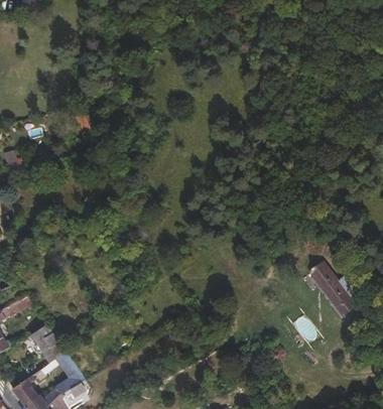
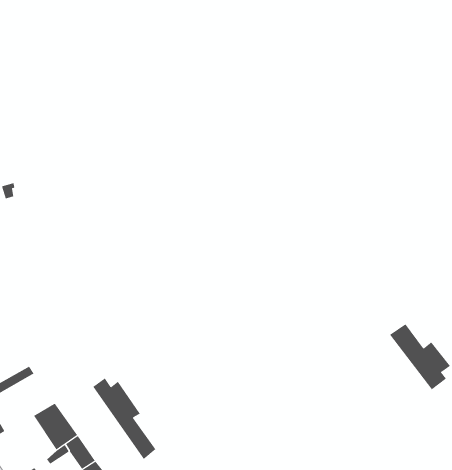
building: none -> [93,378,156,460]

